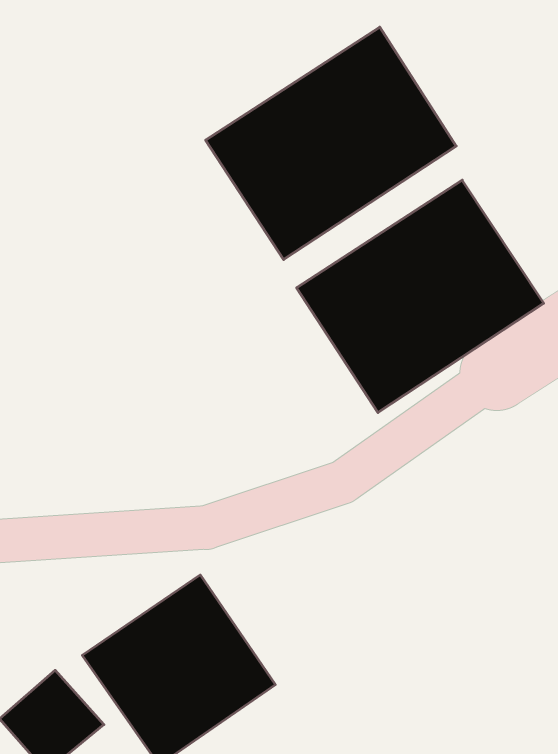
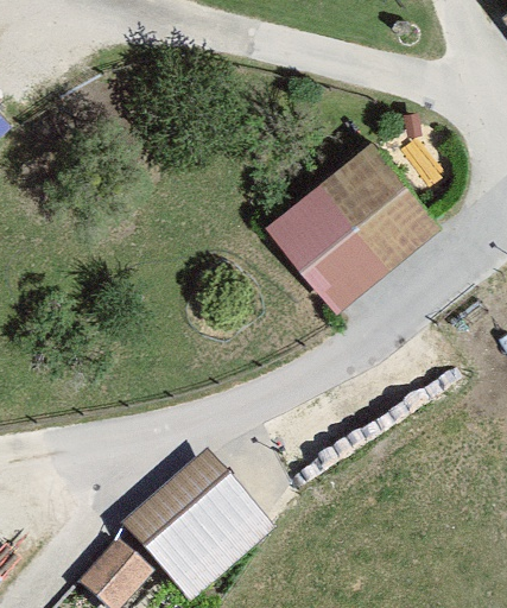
building: [206,27,456,260] -> none

